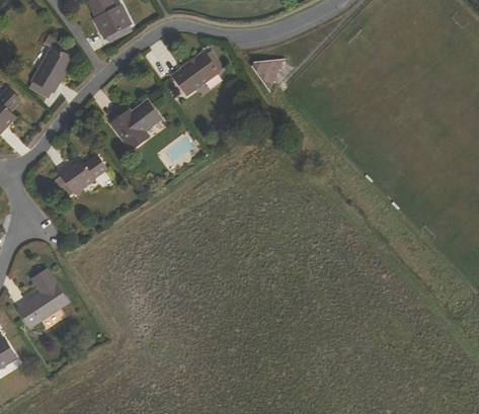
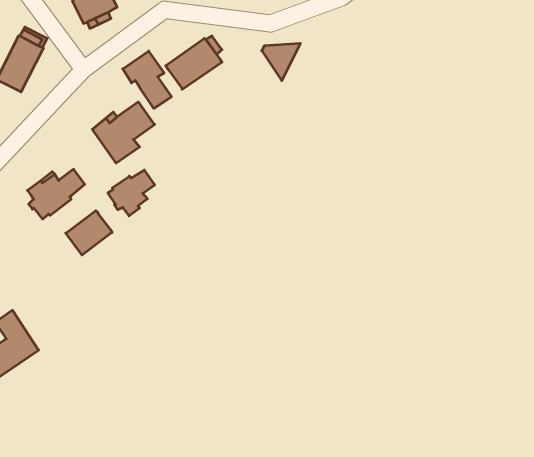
building: none -> [123,51,171,108]
building: none -> [108,170,155,216]
building: none -> [66,211,112,255]

